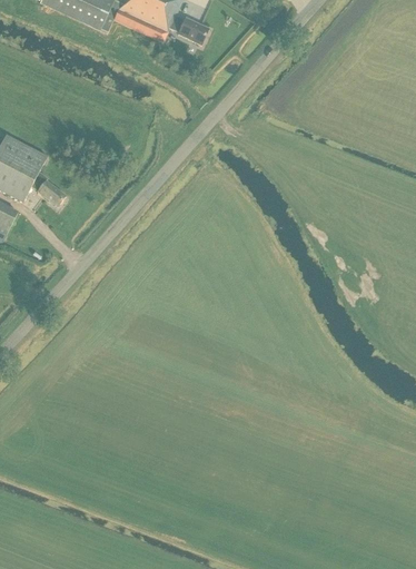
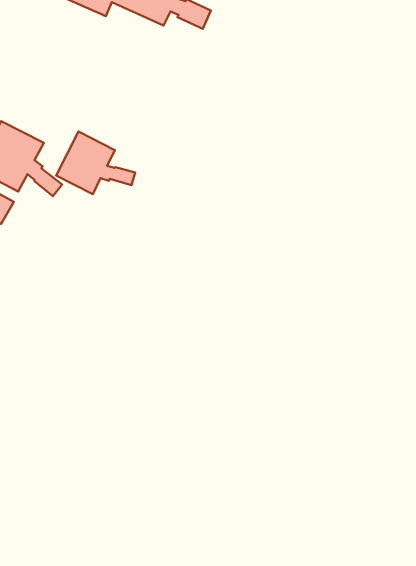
building: none -> [56,131,135,194]

